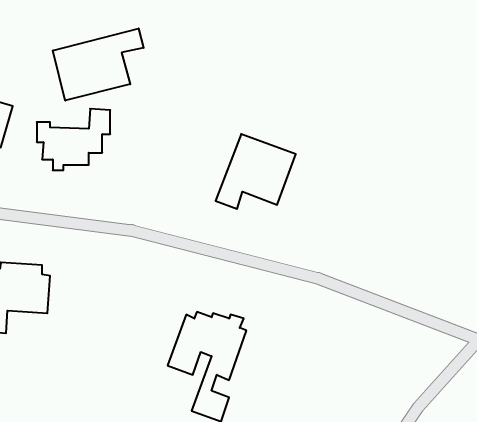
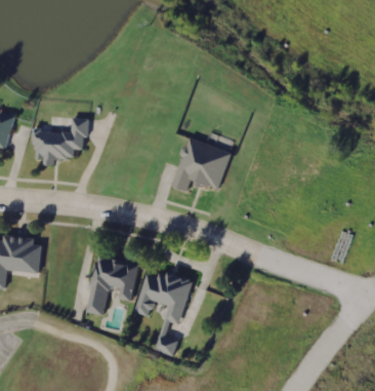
building: [53,28,144,101] -> none
building: none -> [87,258,135,313]

